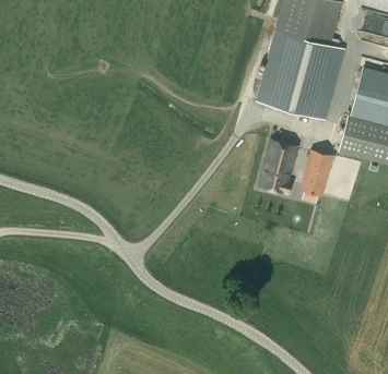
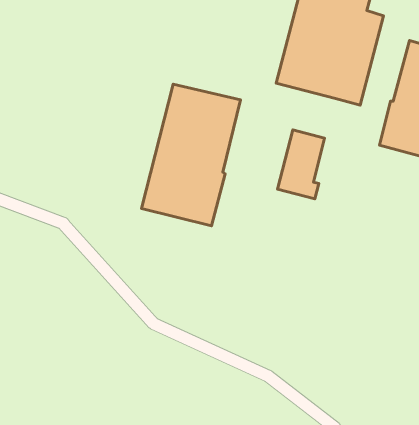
building: none -> [141,84,241,226]
building: [301,149,334,194] -> none

